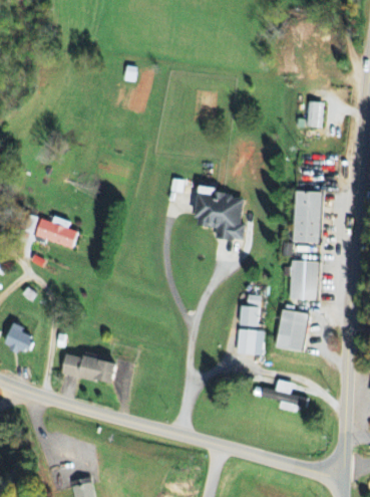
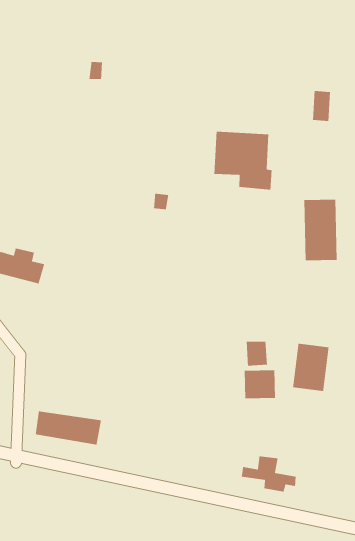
building: [195,189,244,241] -> [213,131,272,190]
building: [289,261,317,300] -> none
building: [261,380,307,412] -> [241,455,296,493]

